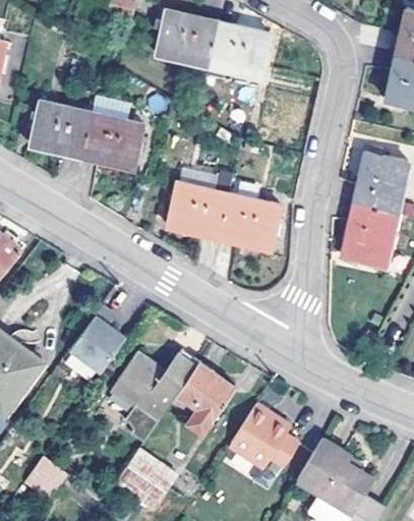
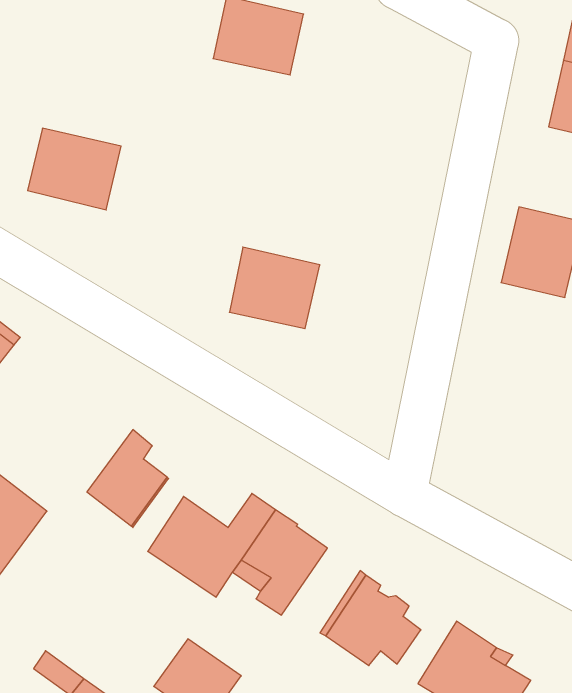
building: [209,21,273,76] -> none
building: [82,112,144,167] -> none
building: [219,193,280,248] -> none
building: [342,206,397,267] -> none

